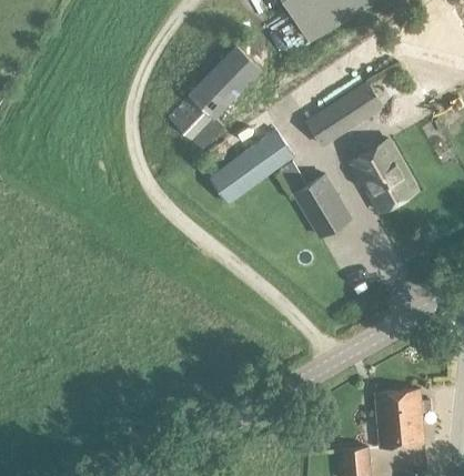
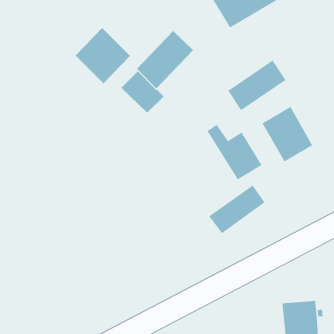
building: none -> [75,27,131,84]
building: [212,135,286,200] -> [208,184,266,234]

